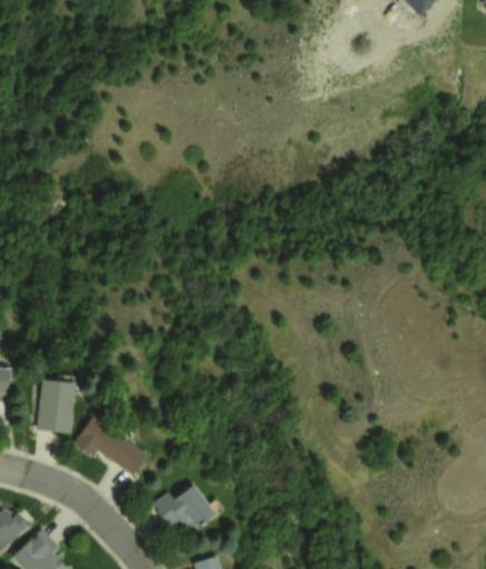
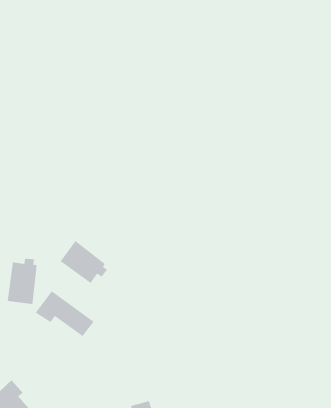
building: none -> [60,240,108,284]
building: [152,486,215,529] -> none

